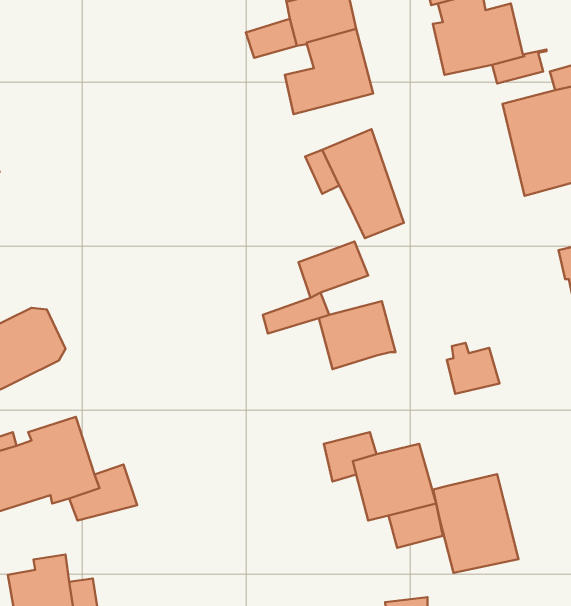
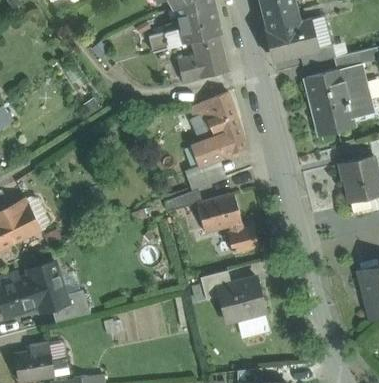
building: none -> [191,137,224,165]
building: [447,343,500,394] -> [228,223,259,253]
building: [433,474,518,573] -> none

